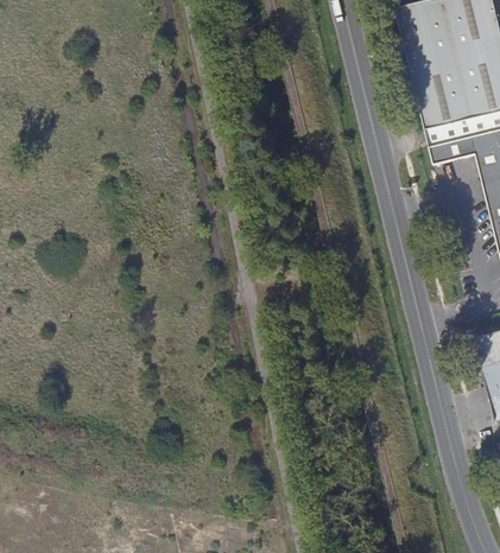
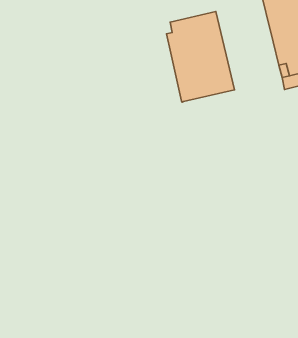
building: none -> [166,11,235,102]

